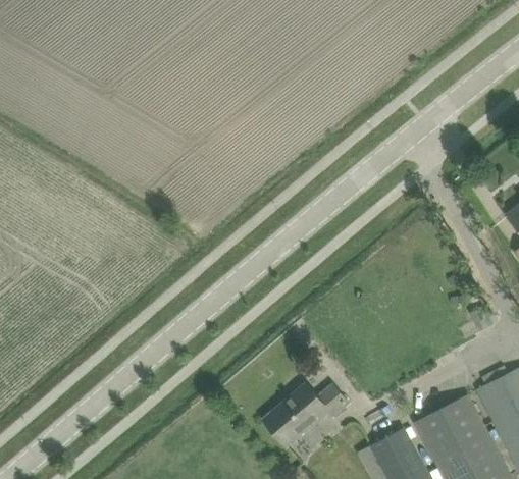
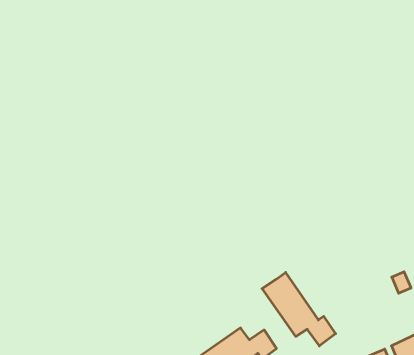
building: none -> [262,272,336,346]

